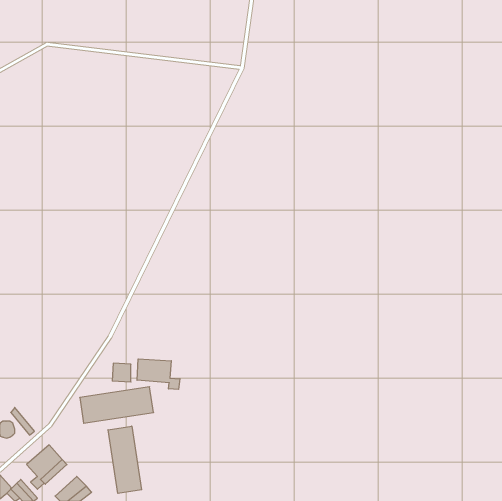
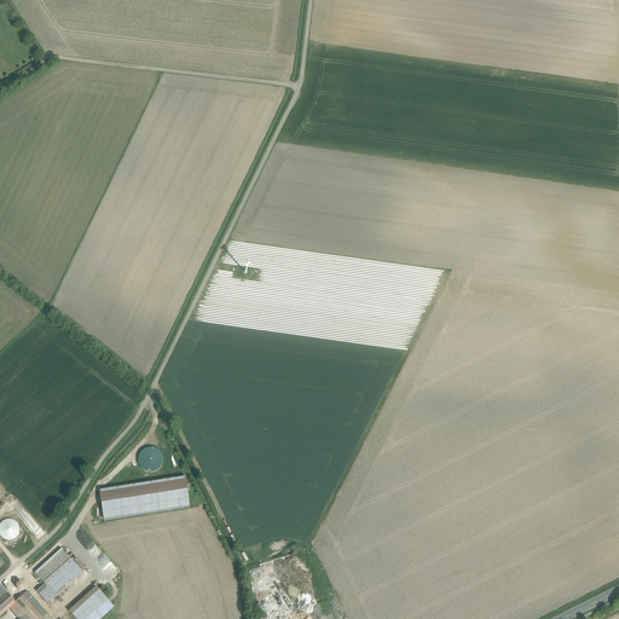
building: [137,359,180,389] -> none
building: [108,426,142,493] -> none

